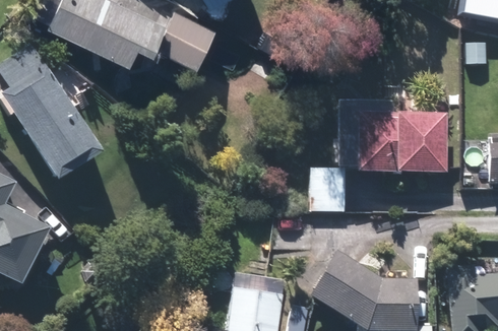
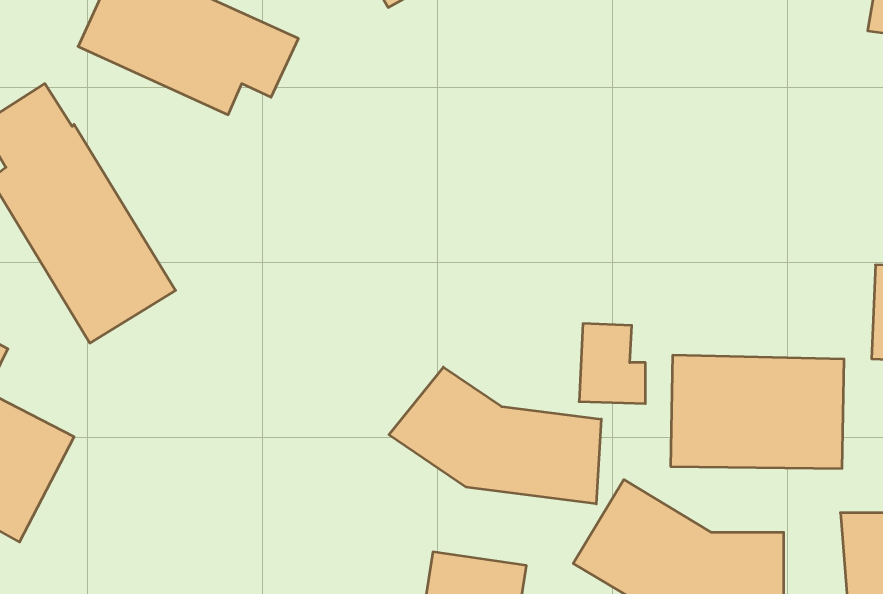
building: [158,9,213,65] -> none
building: [357,113,447,172] -> [671,355,844,468]
building: none -> [389,367,601,504]

